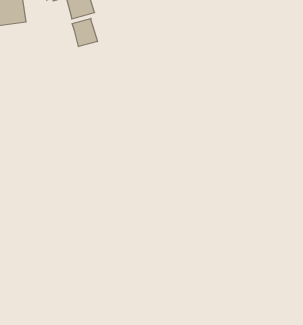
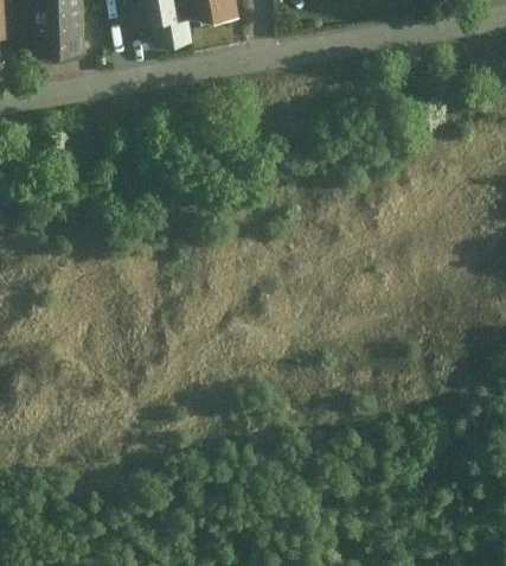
building: [72,18,97,47] -> none

